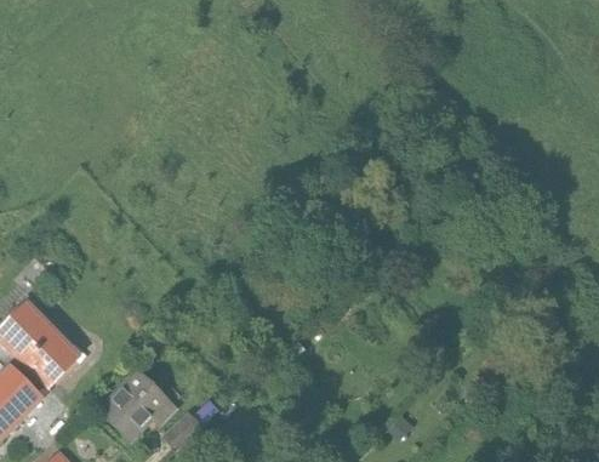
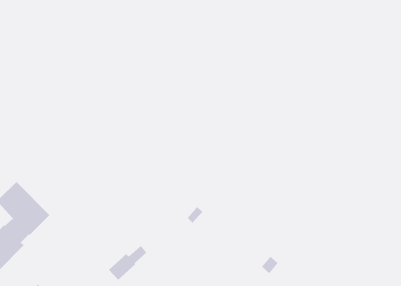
building: [101,370,177,439] -> none

